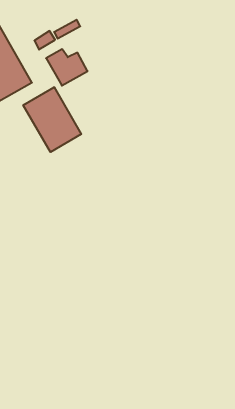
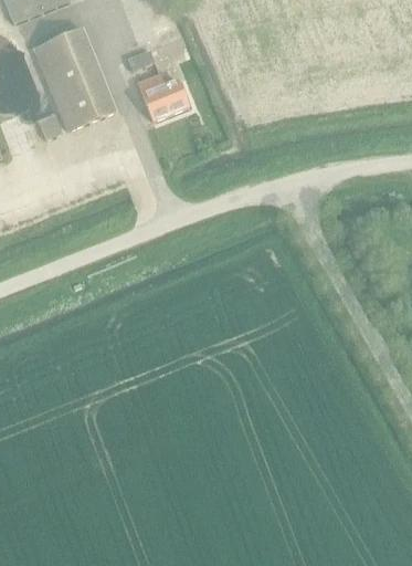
building: [23,87,81,152] -> none

